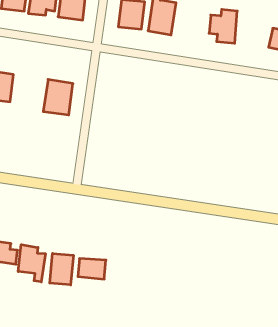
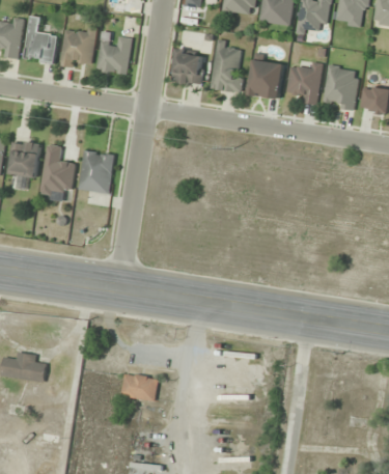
building: none -> [248,58,284,100]
building: none -> [323,65,359,109]
building: none -> [39,144,77,199]
building: [18,245,45,282] -> none
building: [50,253,73,285] -> none

